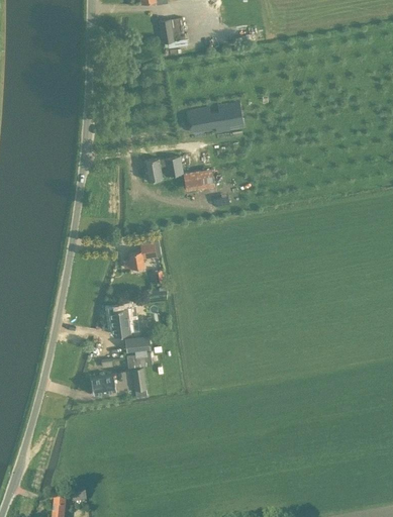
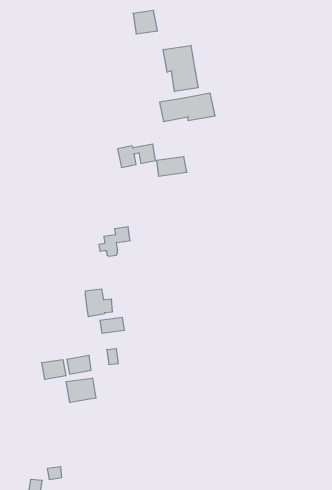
building: none -> [163,45,198,92]
building: none -> [42,360,66,380]
building: none -> [66,378,96,403]

